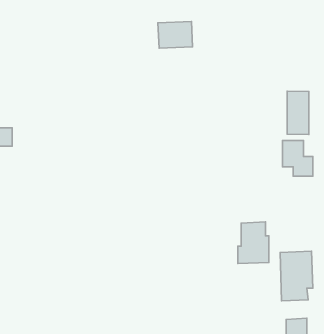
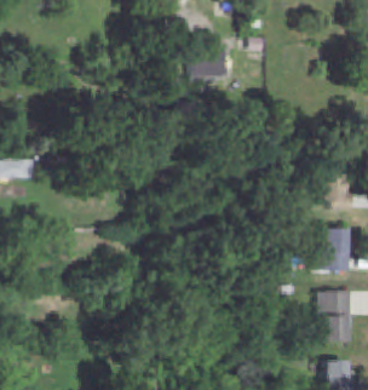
building: [287,91,309,135] -> none
building: [238,222,269,264] -> [317,228,350,271]

